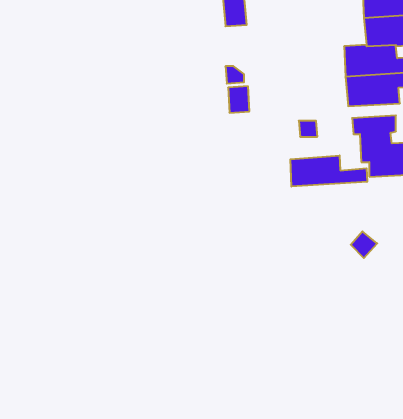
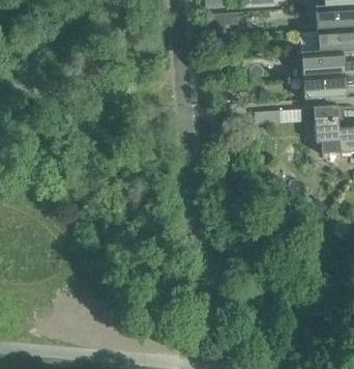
building: [290,155,367,187] -> none

